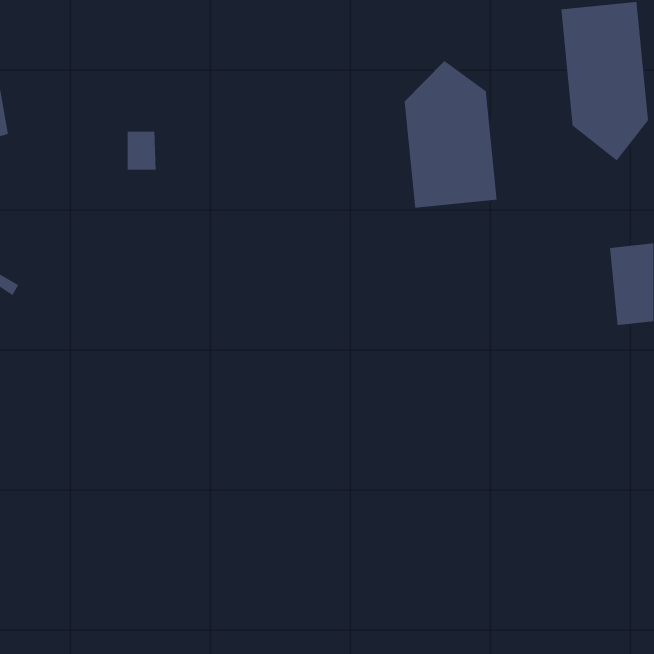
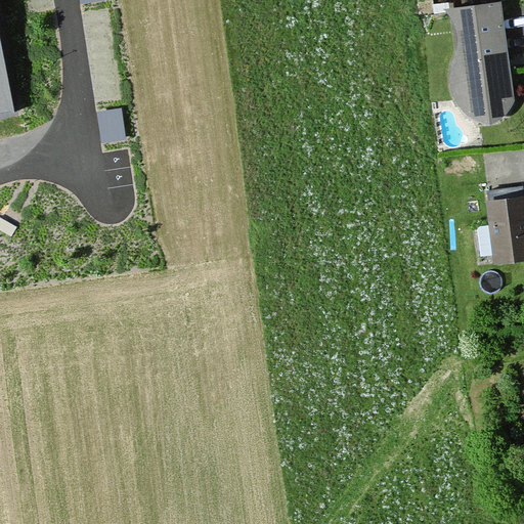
building: [404,60,497,208] -> none

